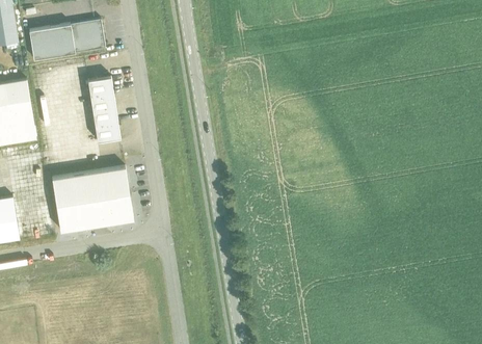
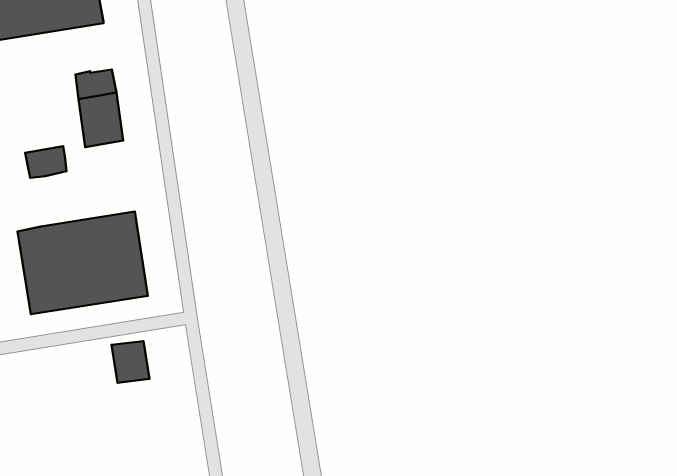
building: [93,123,119,142] -> [25,146,67,178]
building: none -> [111,341,149,383]

